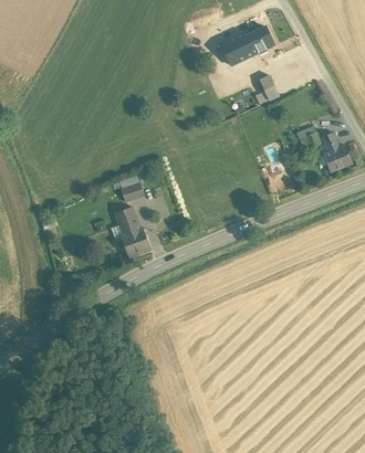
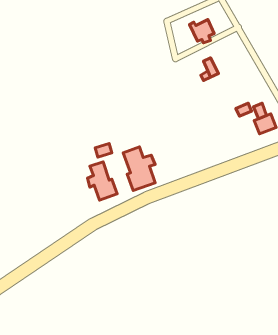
building: [220,33,251,64] -> none
building: none -> [123,147,155,191]

